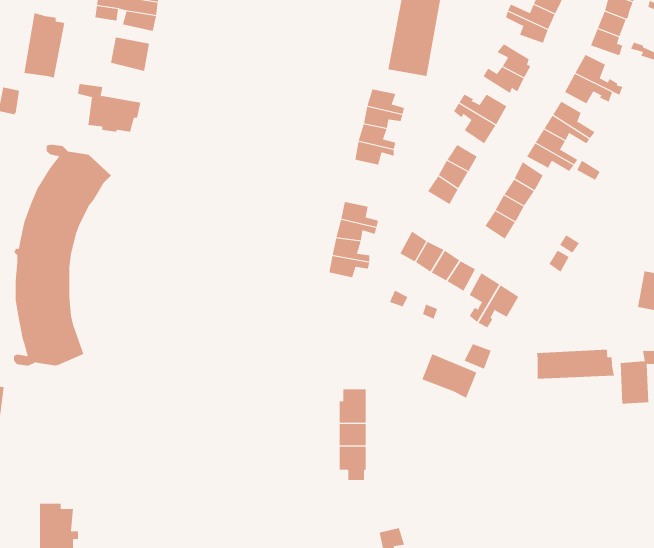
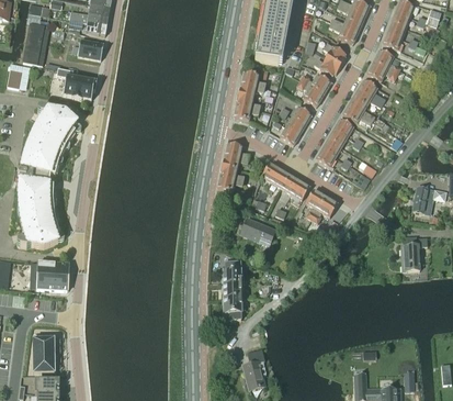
building: [536,349,615,380] -> none
building: [422,353,477,398] -> [240,218,275,246]
building: none -> [36,261,68,290]

